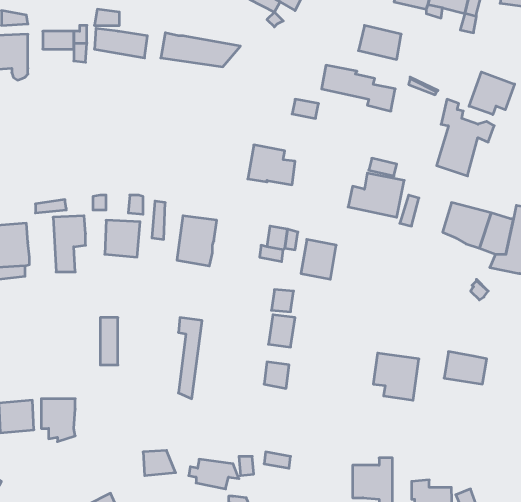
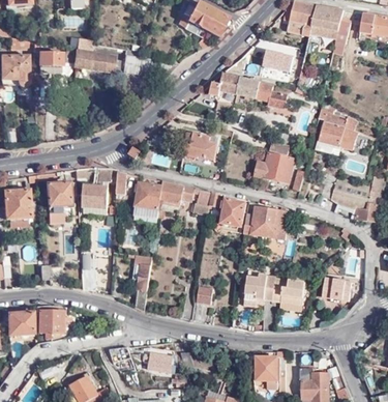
building: none -> [209,74,239,96]
building: [469,72,515,115] -> none
building: none -> [160,181,196,204]
building: none -> [244,206,287,239]
building: none -> [243,275,276,306]

